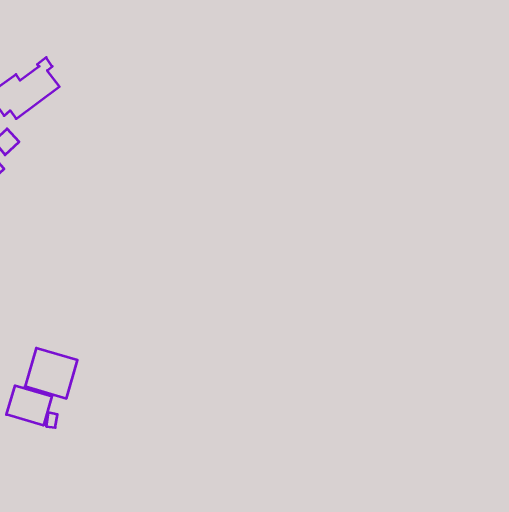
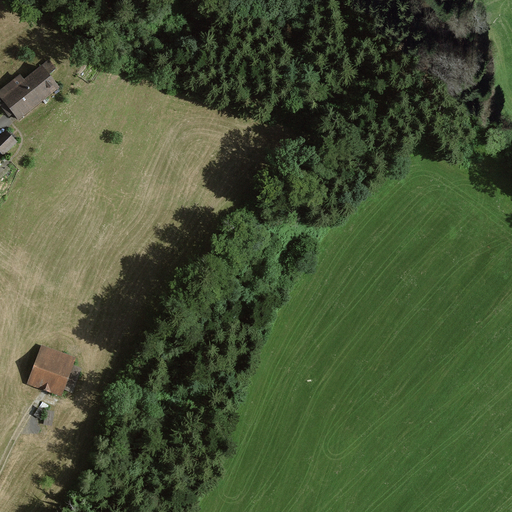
building: [6,386,52,425] -> none

